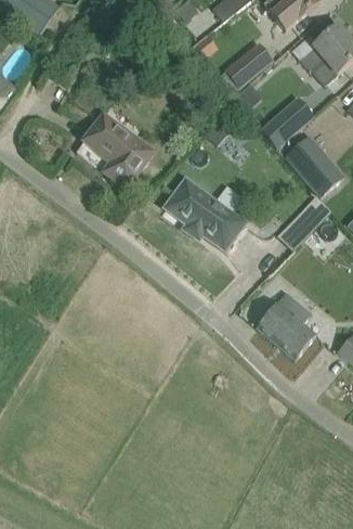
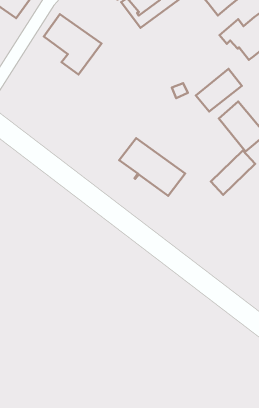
building: [224,42,272,86] -> none
building: [83,113,154,186] -> [44,14,102,75]
building: [257,291,316,359] -> none

